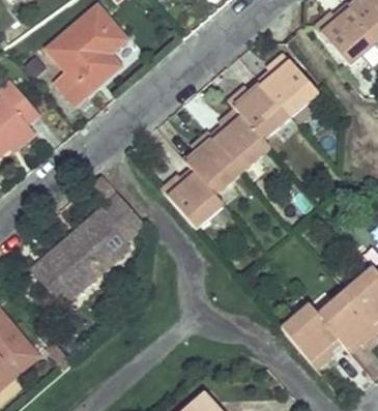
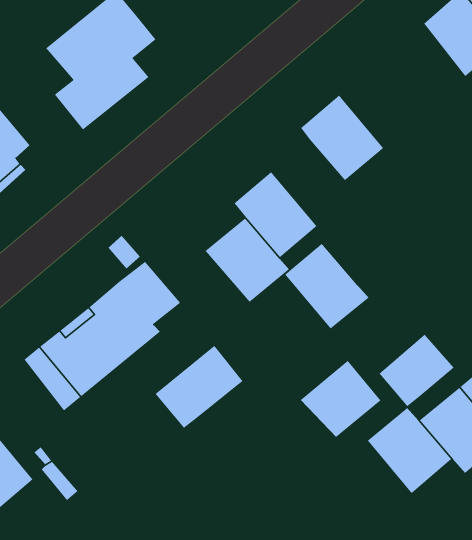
building: [259,55,317,117] -> none
building: [210,111,271,173] -> [284,243,369,330]
building: none -> [379,334,454,407]
building: none -> [154,345,243,429]
building: none -> [300,360,382,438]

